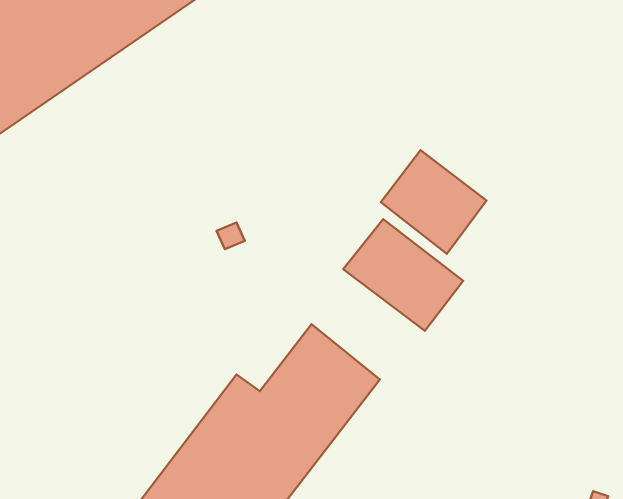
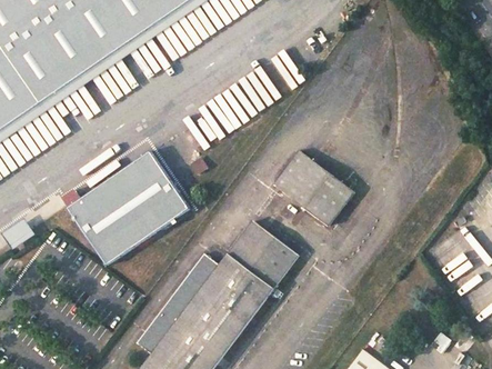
building: [381,150,486,254] -> none
building: none -> [63,144,193,268]

